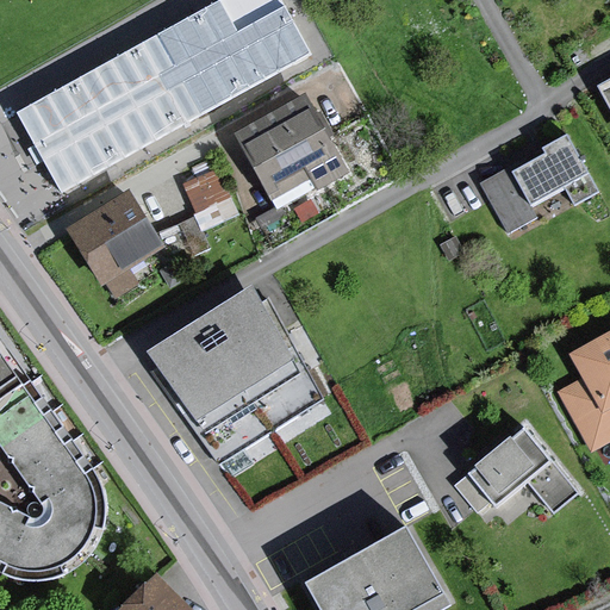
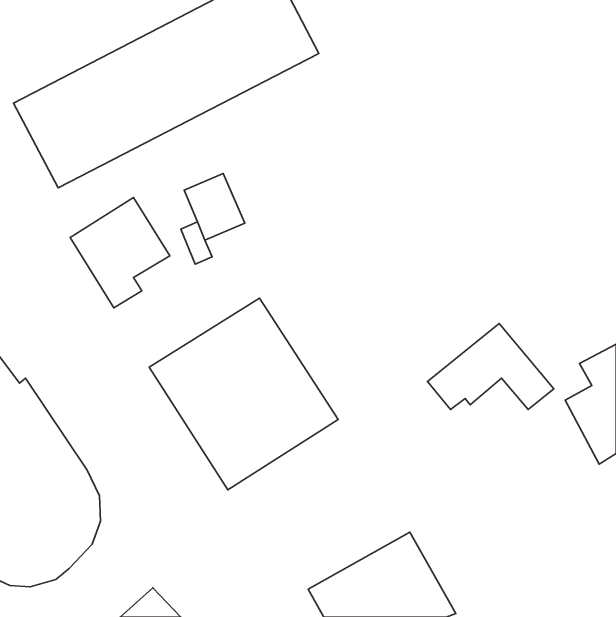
building: [238,102,342,217] -> none
building: [478,137,598,237] -> none
building: [452,425,575,510] -> [428,323,554,410]

